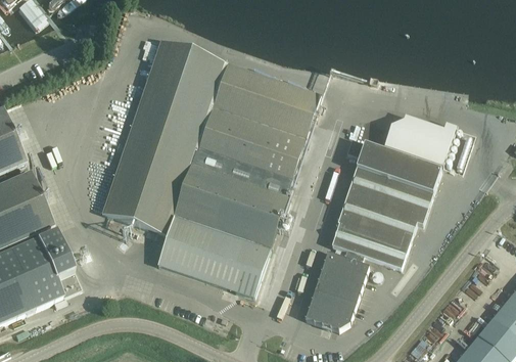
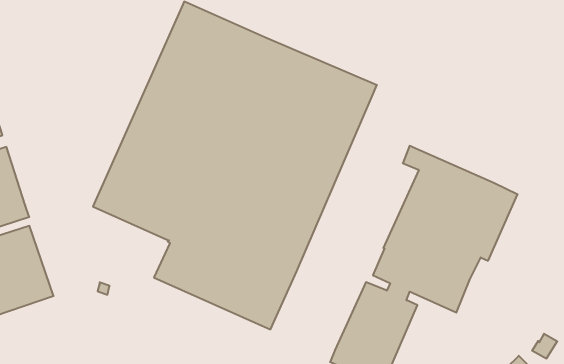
building: [384,115,456,166] -> none

